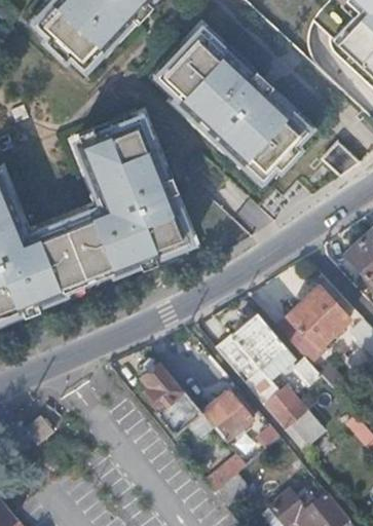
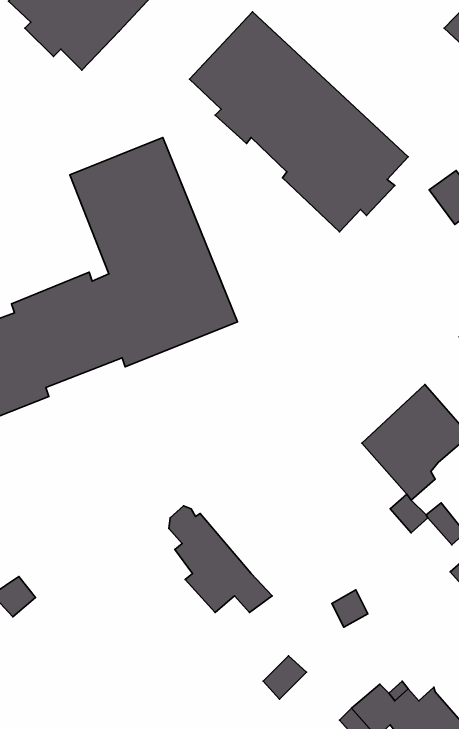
building: [215,311,326,459] -> none
building: [200,389,253,442] -> none

